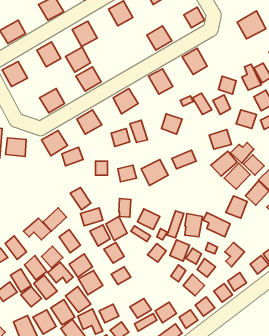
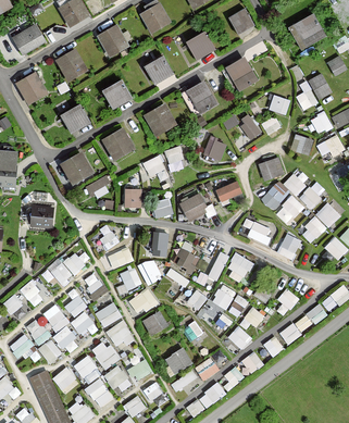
building: [65,47,91,72] -> [145,57,174,86]
building: [6,138,26,156] -> [29,207,53,228]
building: [203,213,230,237] -> [242,215,274,244]

